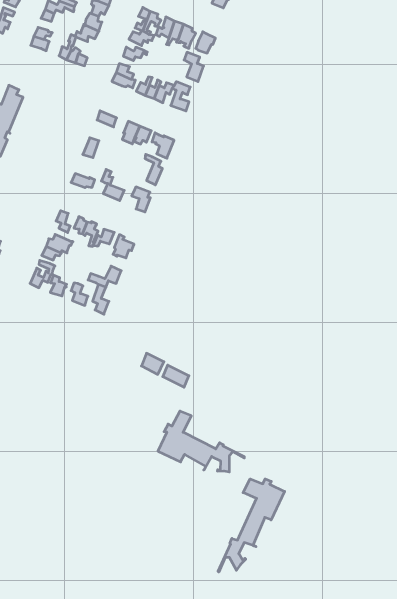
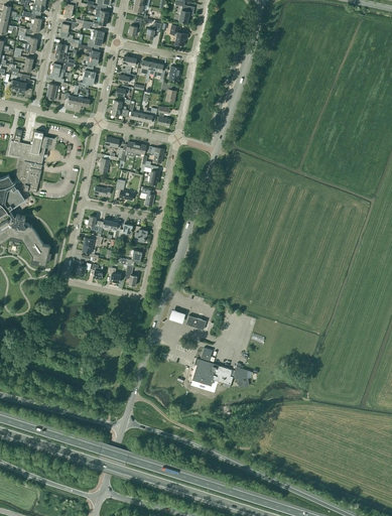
building: [218,479,285,572] -> none

